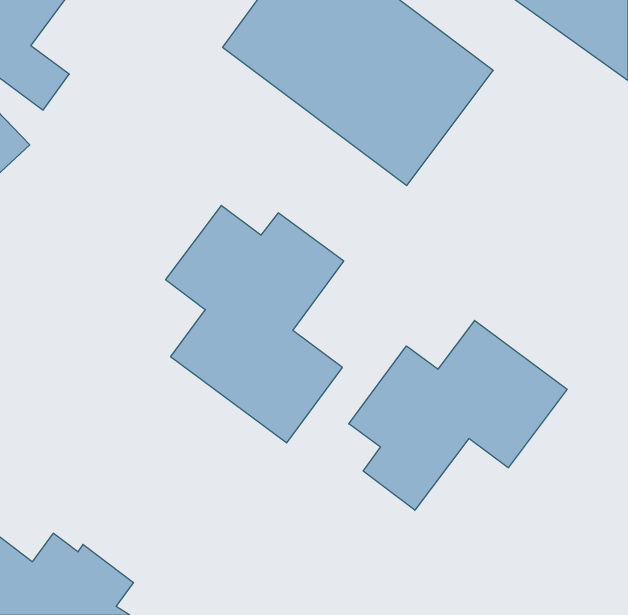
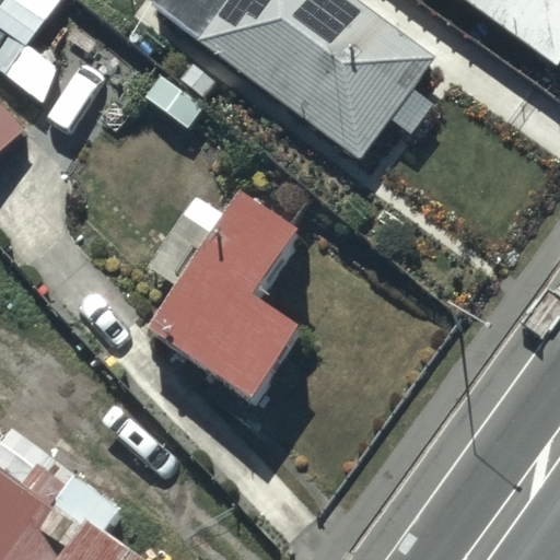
building: [349,320,567,510] -> none

